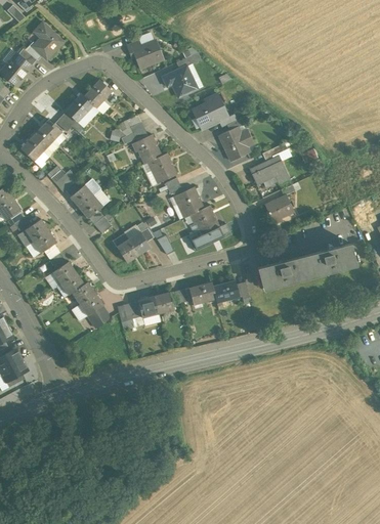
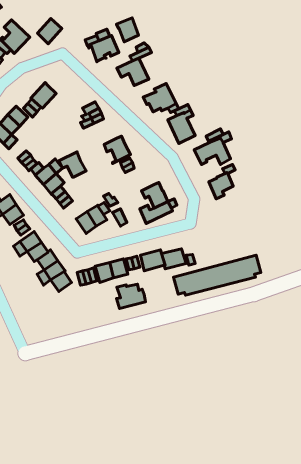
building: none -> [117,18,138,42]
building: [84,80,112,108] -> [37,18,62,44]
building: [131,134,162,163] -> [59,152,86,177]
building: [174,186,204,216] -> none
building: [257,244,355,289] -> [174,255,261,295]
building: none -> [116,284,145,308]

